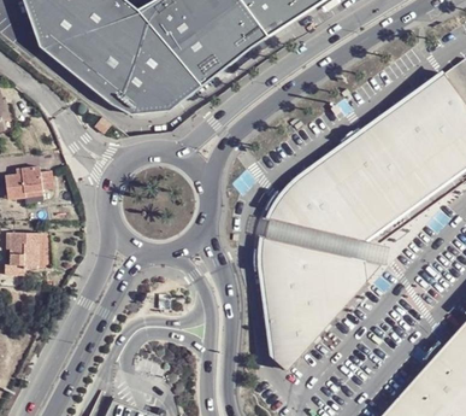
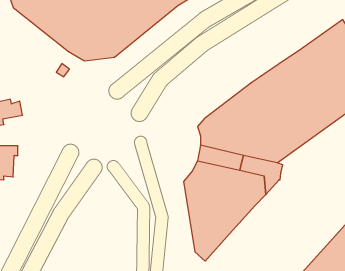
building: [256,197,279,268] -> none

